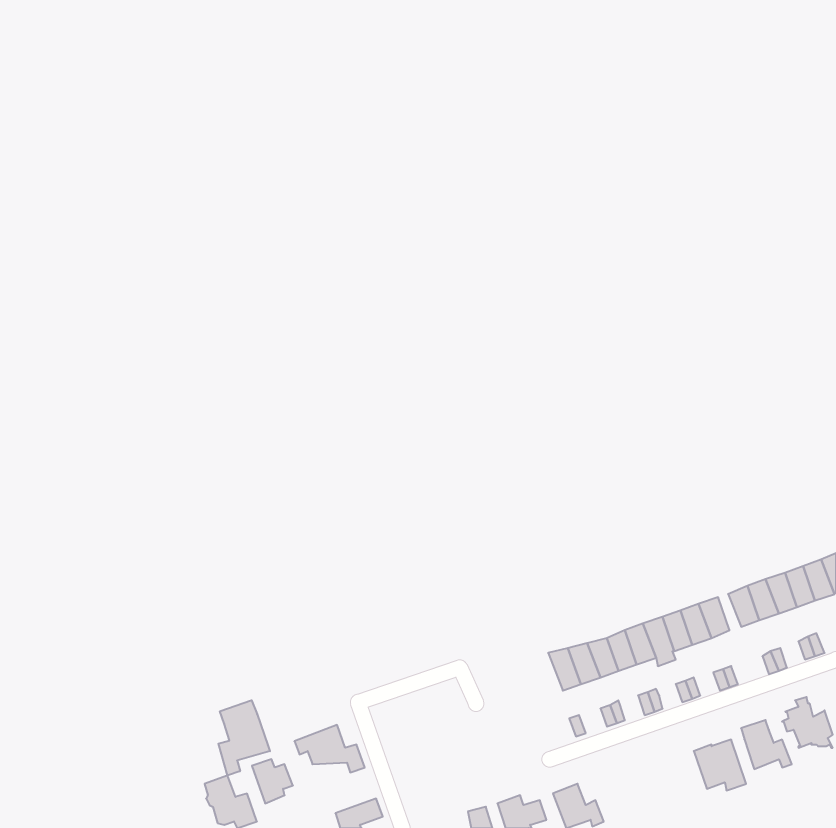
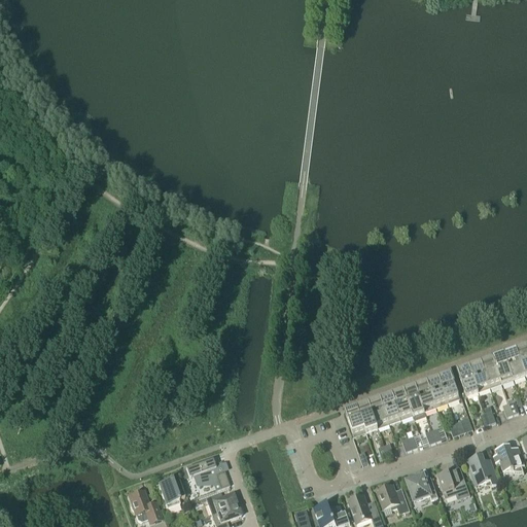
building: [218,700,270,776] -> none
building: none -> [407,472,437,498]
building: none -> [375,482,410,513]
building: none -> [205,491,237,512]

